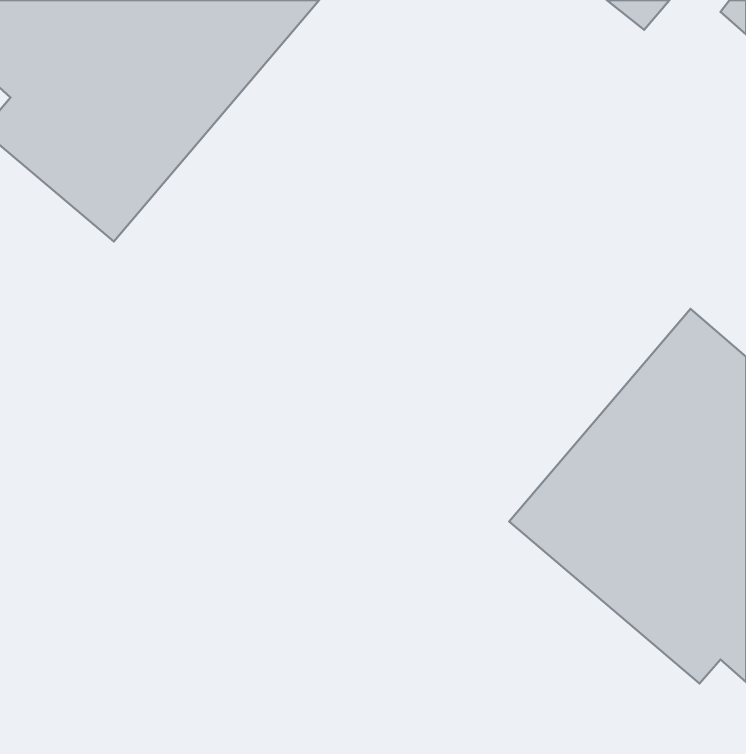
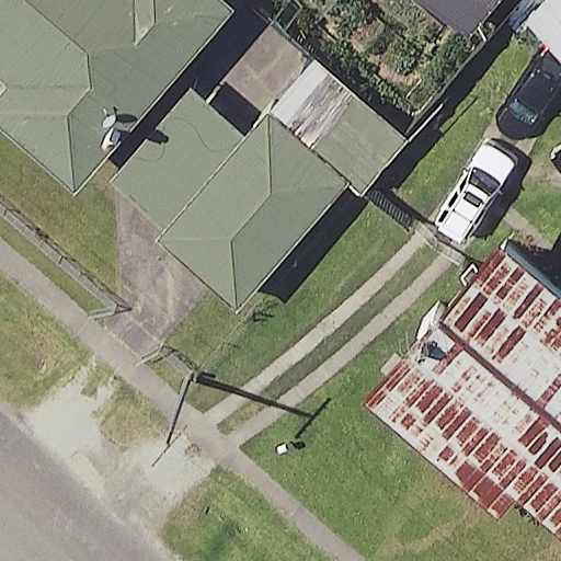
building: none -> [157,110,350,308]

